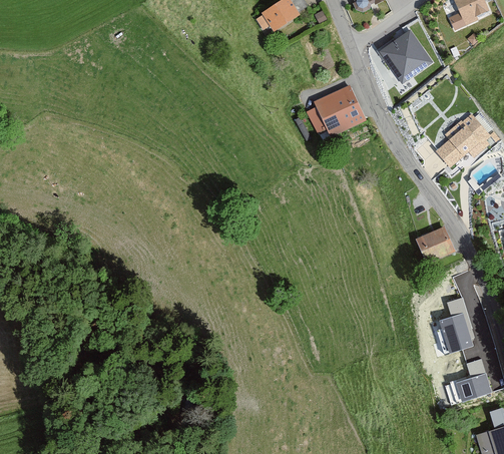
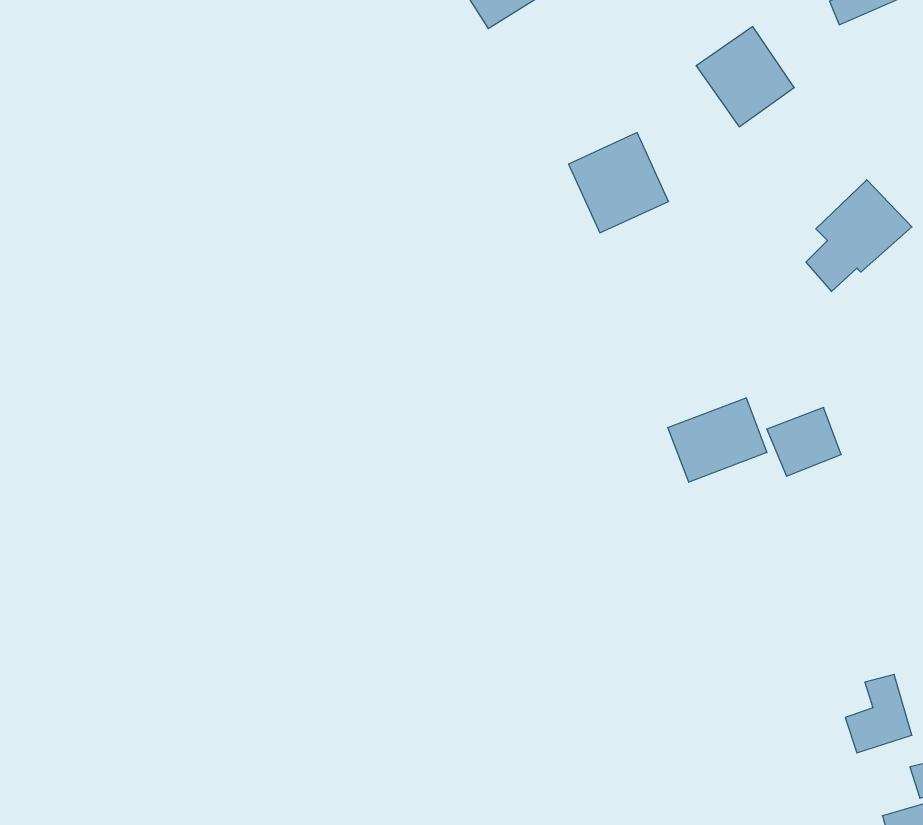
building: none -> [668,398,767,482]
building: [439,301,473,354] -> none

